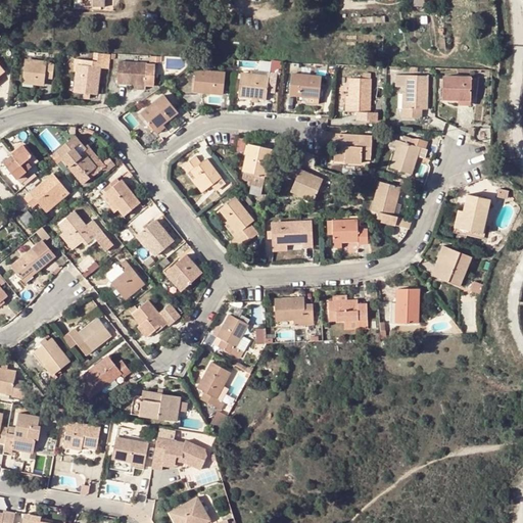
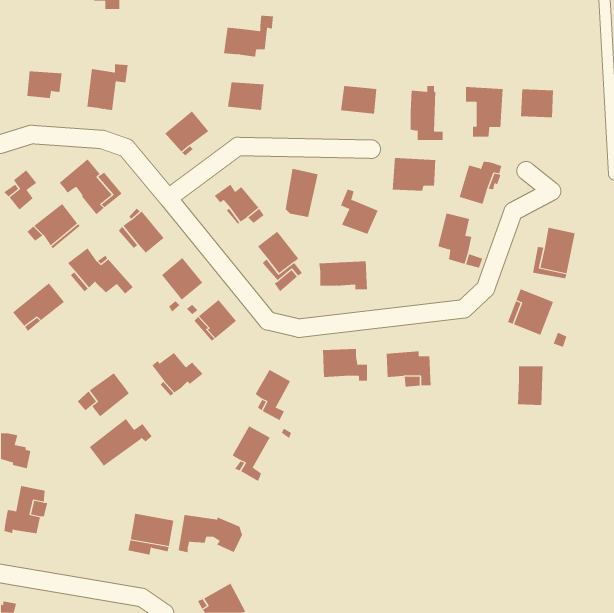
building: [116,61,154,85] -> none
building: [238,62,281,98] -> [223,15,274,57]
building: [332,219,367,244] -> none
building: [103,263,144,298] -> none
building: [395,288,418,322] -> [517,366,544,406]
building: [34,337,68,385] -> none
building: [130,390,187,420] -> none
building: [60,421,99,456] -> none

